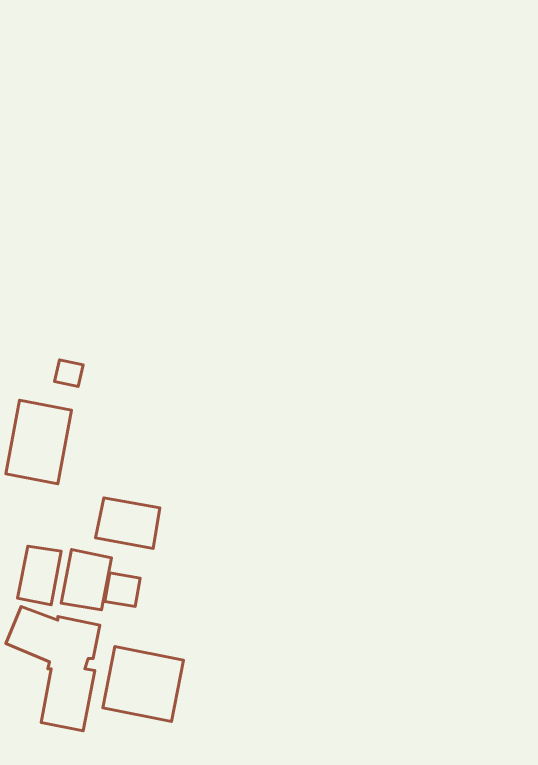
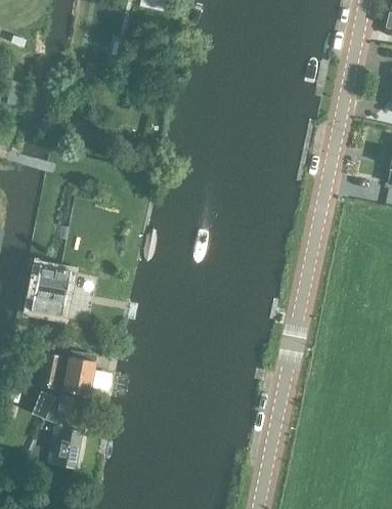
building: [95,498,160,549] -> none
building: [103,647,183,722] -> none

